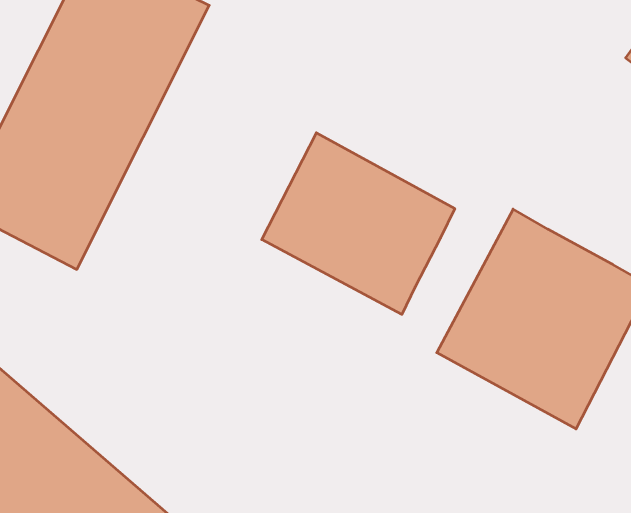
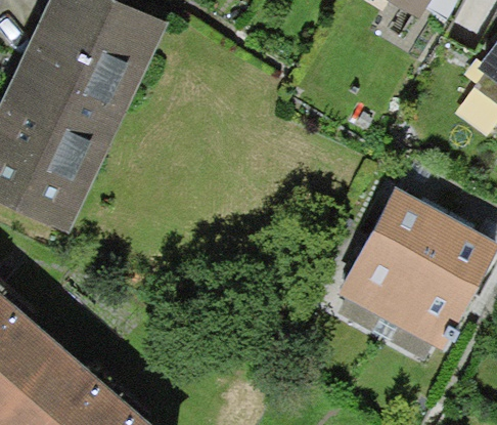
building: [262,133,455,314] -> none

